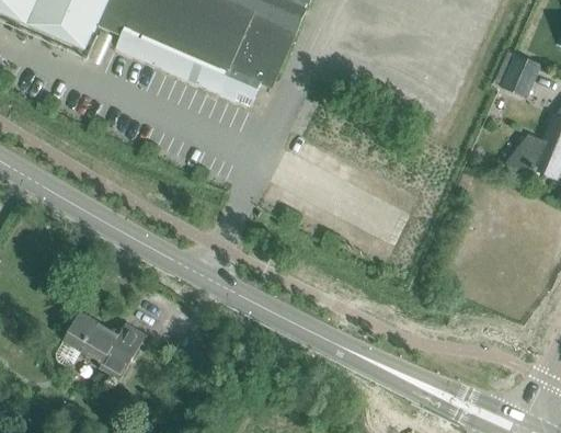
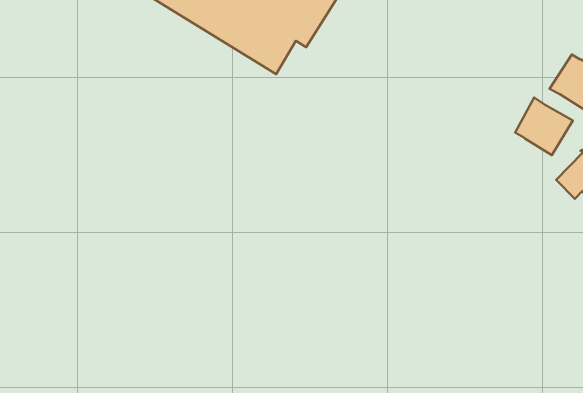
building: none -> [515,97,573,155]
building: [57,310,147,379] -> none

